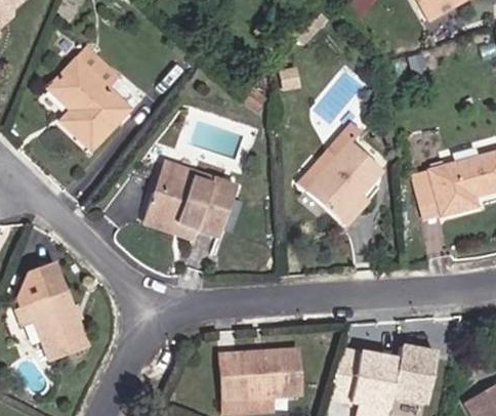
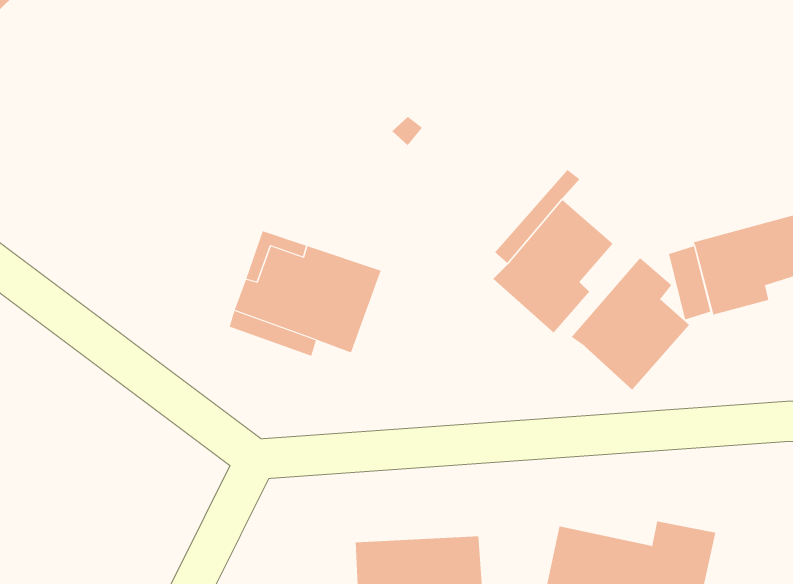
building: [46,45,131,151] -> none
building: none -> [571,257,690,391]
building: [17,262,86,361] -> none

